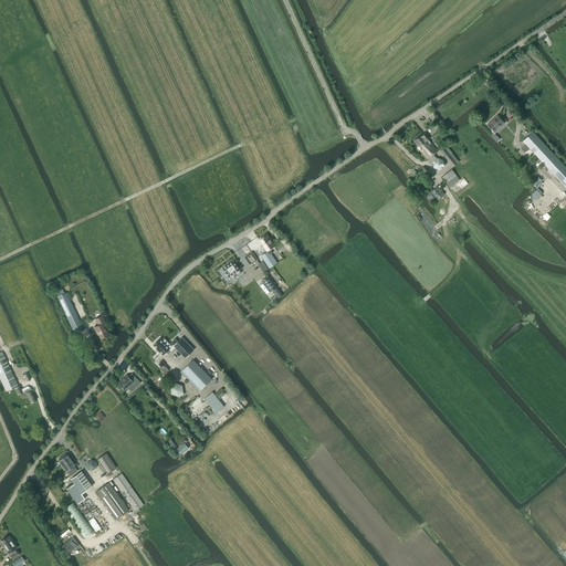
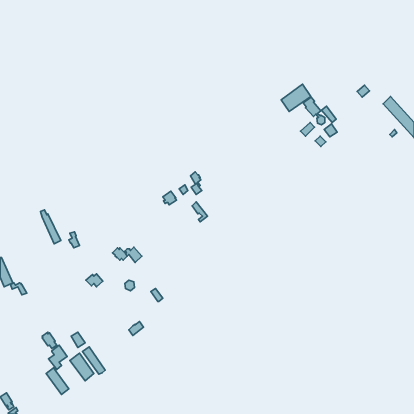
building: none -> [281,84,311,112]
building: [180,359,212,391] -> none

